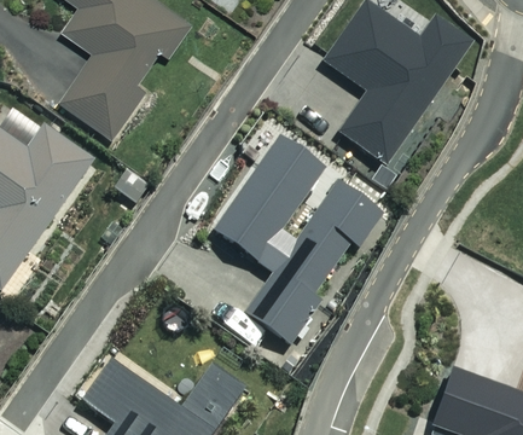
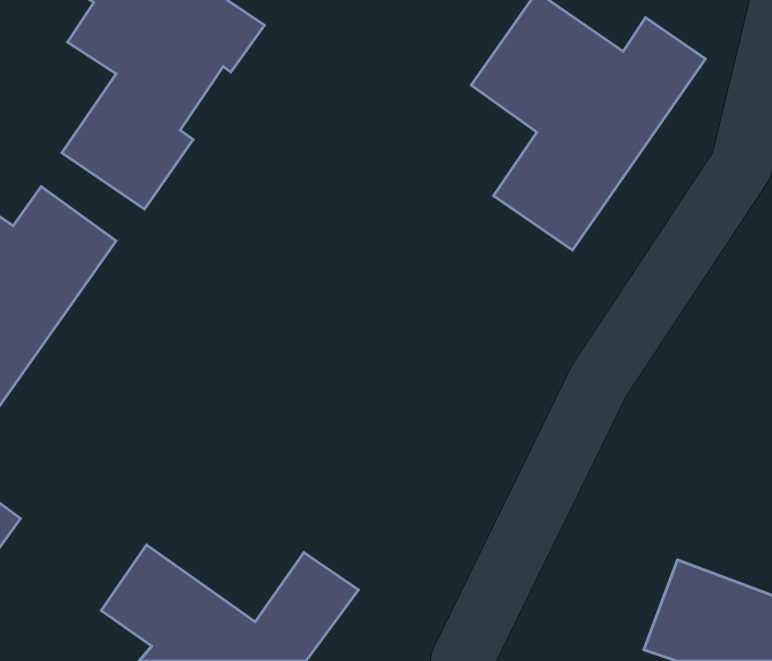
building: [210,130,384,343] -> none

